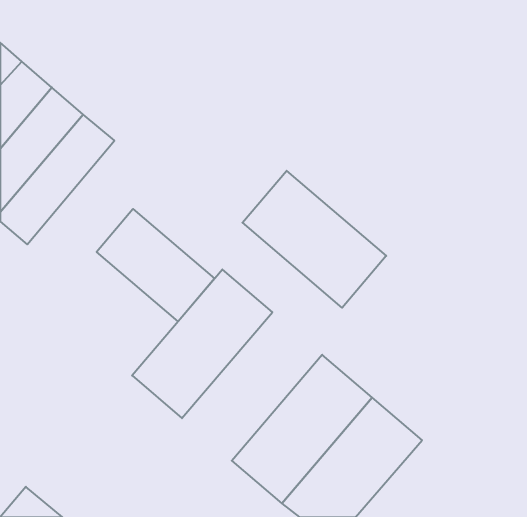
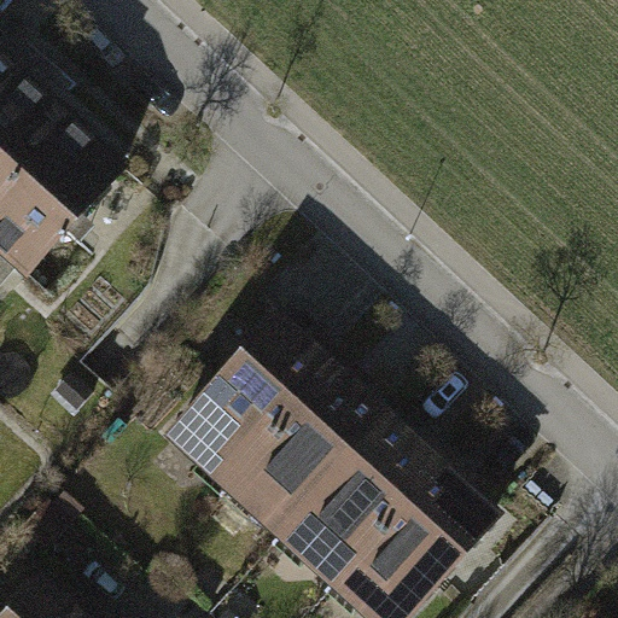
building: [242,171,386,308] -> none
building: [97,209,215,321] -> none
building: none -> [216,362,379,535]

